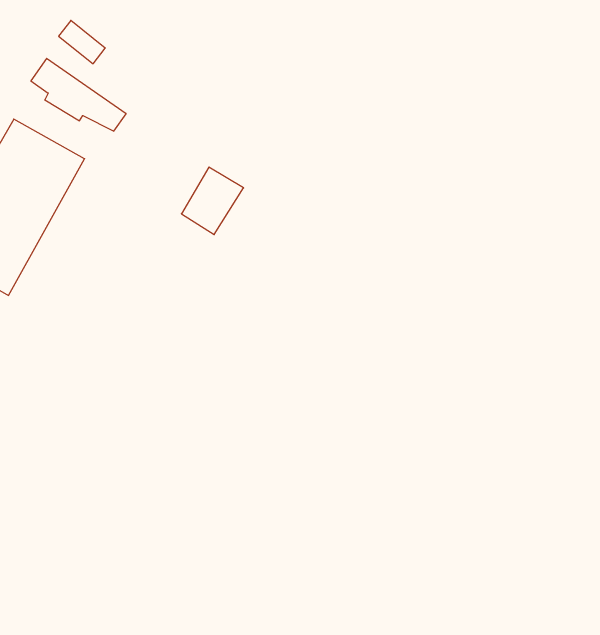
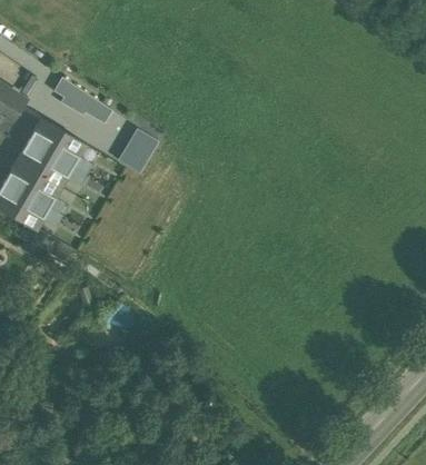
building: [181,167,244,235] -> [120,127,160,170]

